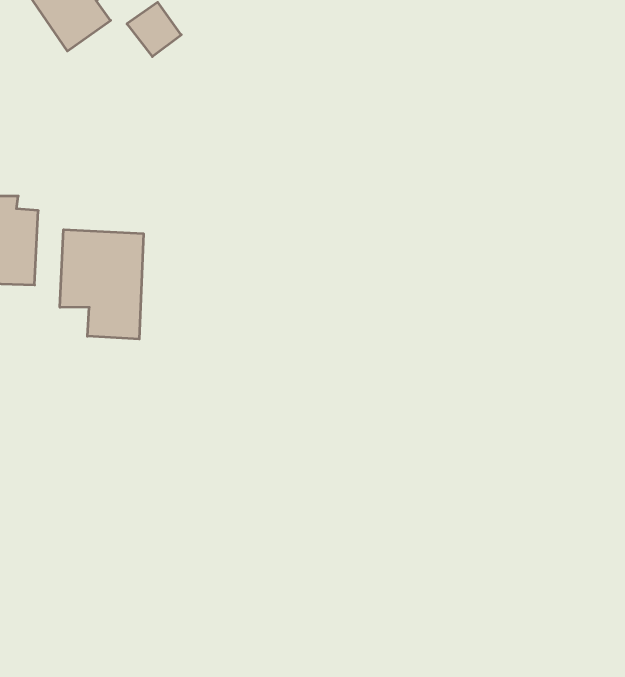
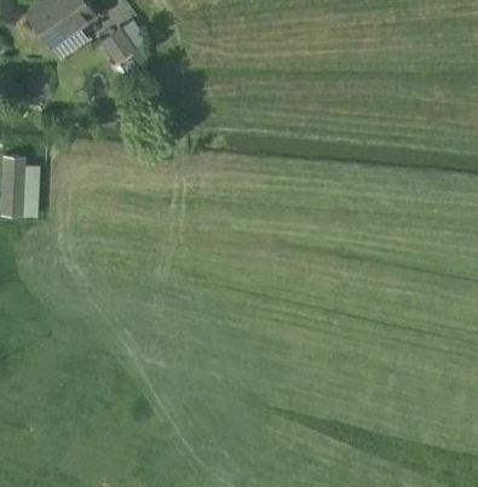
building: [60,230,143,339] -> none

